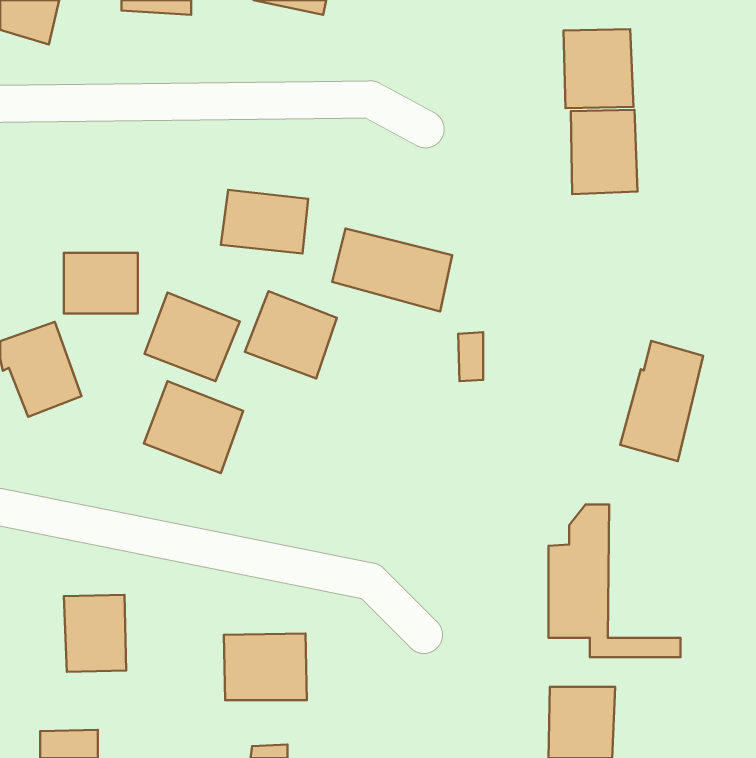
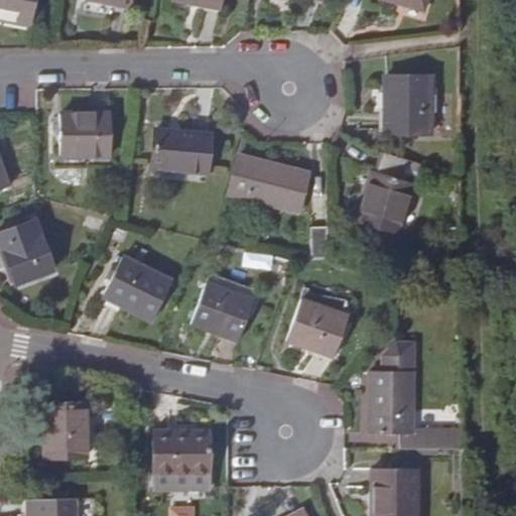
building: [564,29,633,108] -> none
building: [64,253,138,313] -> [61,113,112,154]
building: [245,291,337,379] -> [190,281,253,341]
building: [144,292,240,381] -> none
building: [620,341,703,461] -> [360,150,416,232]
building: none -> [287,299,347,357]

